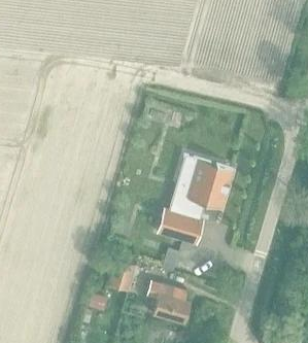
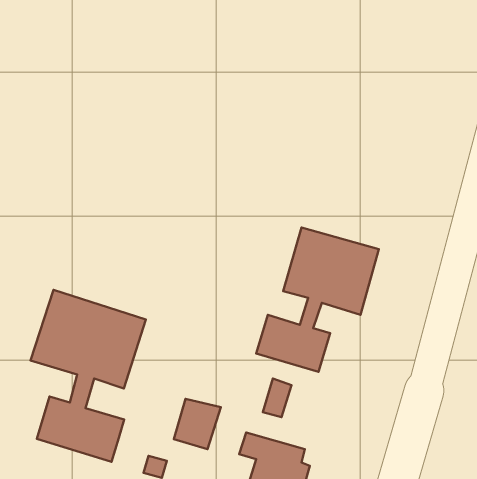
building: none -> [31,290,146,462]

